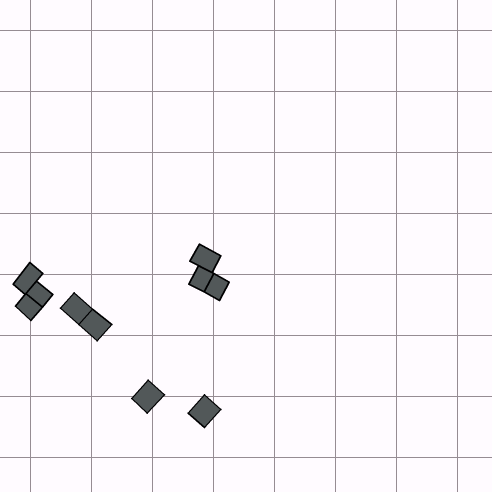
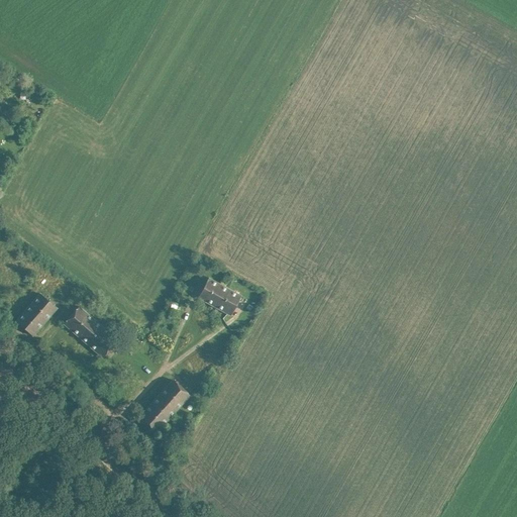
building: [190,244,221,273] -> none
building: [13,263,43,294] -> none
building: [188,395,221,428] -> [156,380,190,414]

